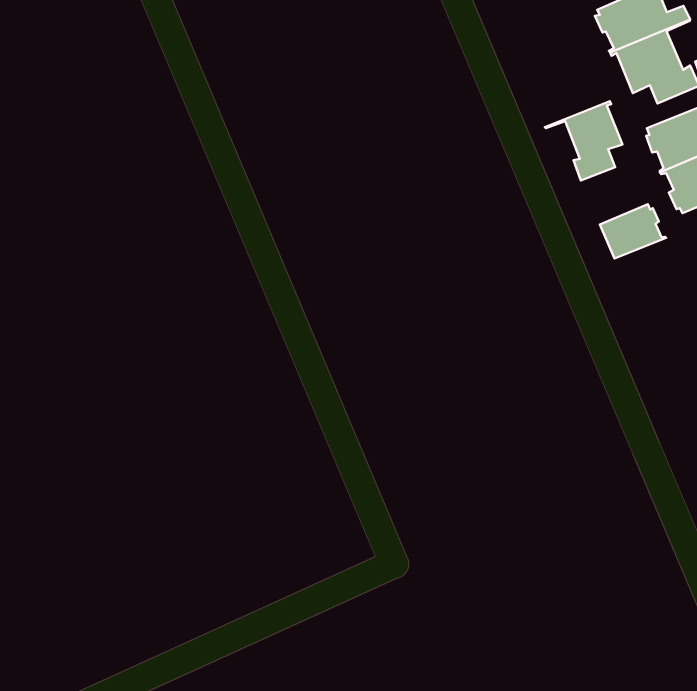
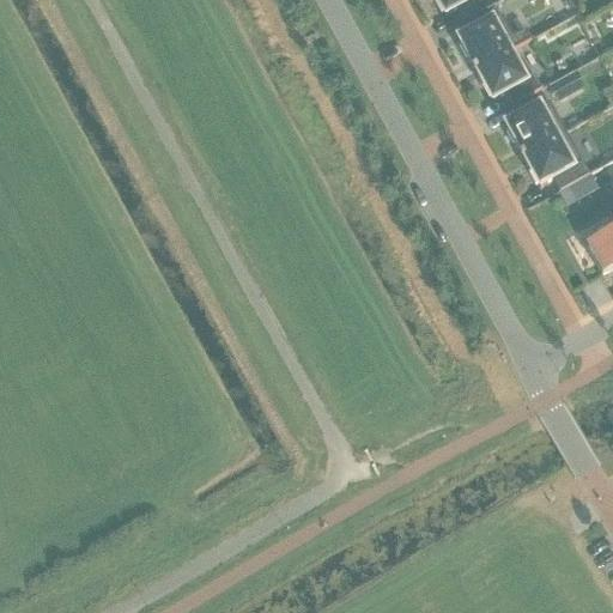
building: [545,101,622,180] -> none
building: [600,204,666,258] -> none

